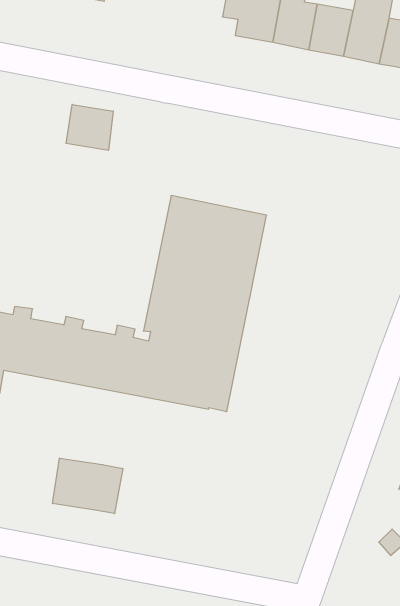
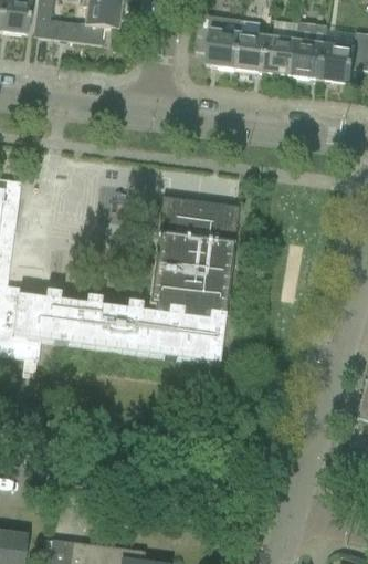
building: [66,104,113,150] -> none
building: [53,458,123,514] -> none

